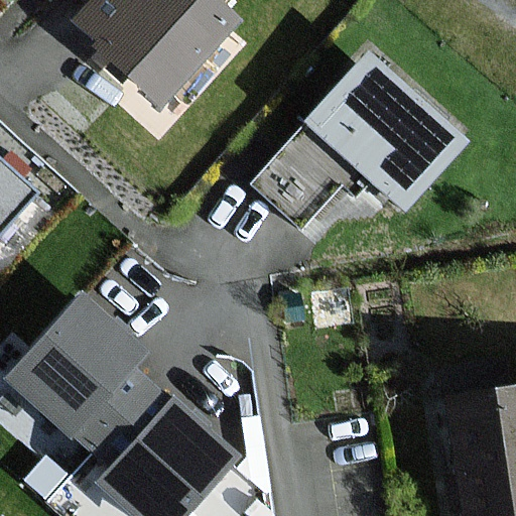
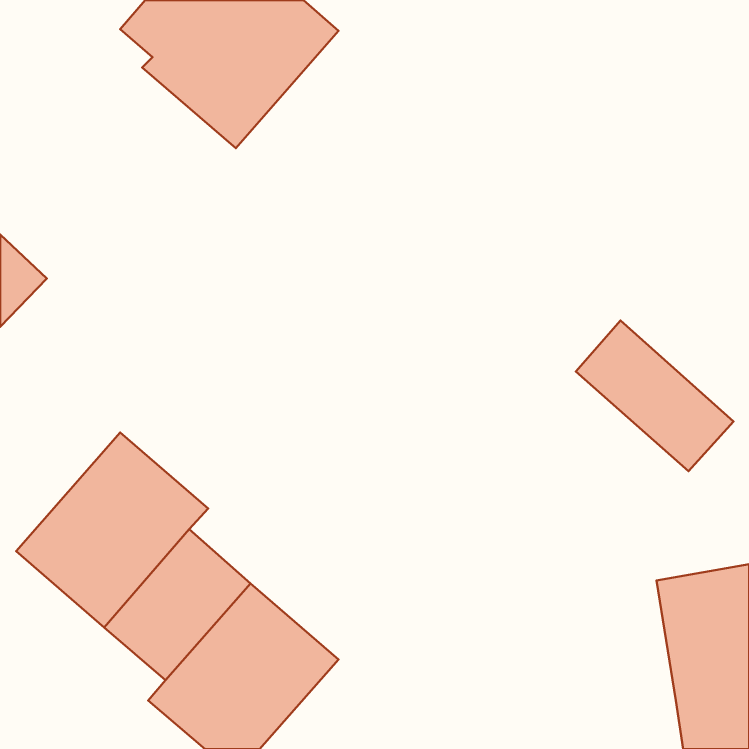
building: [257,57,461,224] -> none
building: none -> [576,320,734,471]

